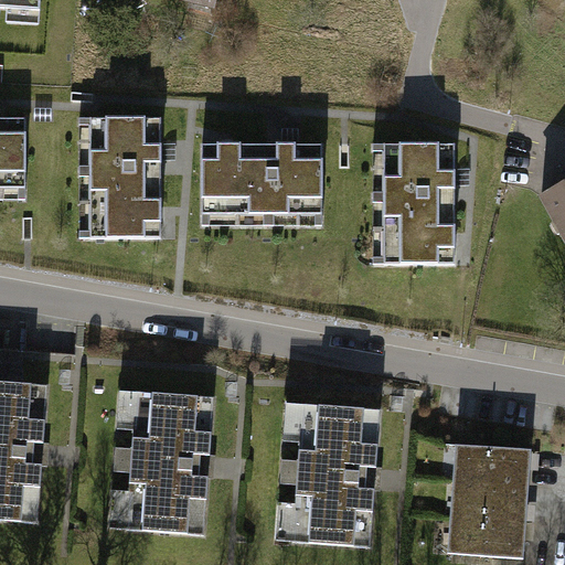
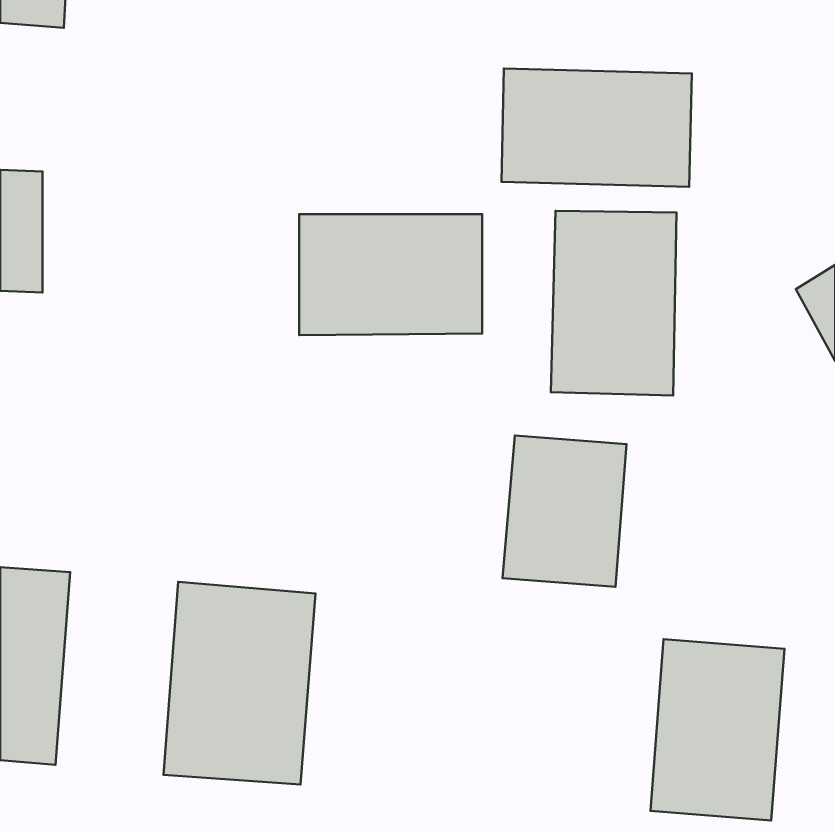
building: none -> [501,68,692,187]
building: [81,116,162,239] -> none
building: none -> [502,436,626,587]
building: [276,406,379,542] -> none

